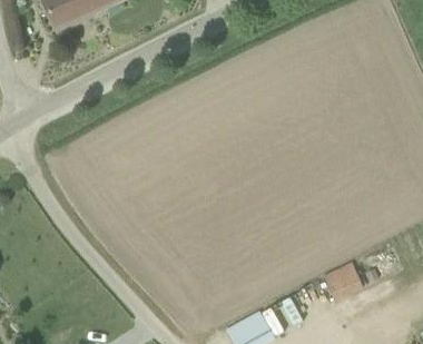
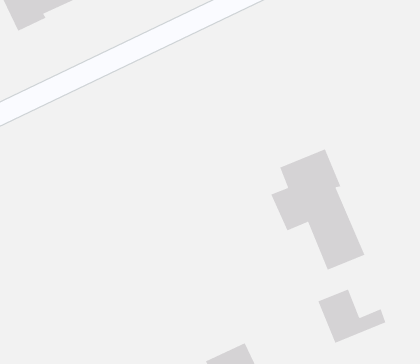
building: none -> [271,149,365,271]

